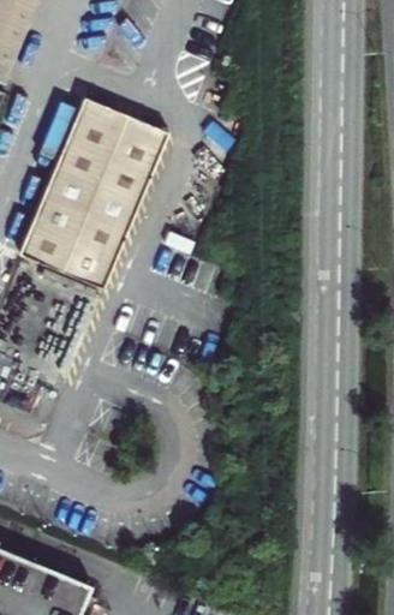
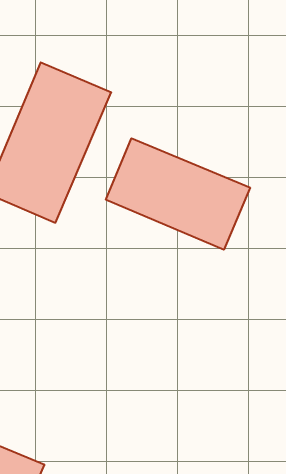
building: none -> [106,138,250,250]

